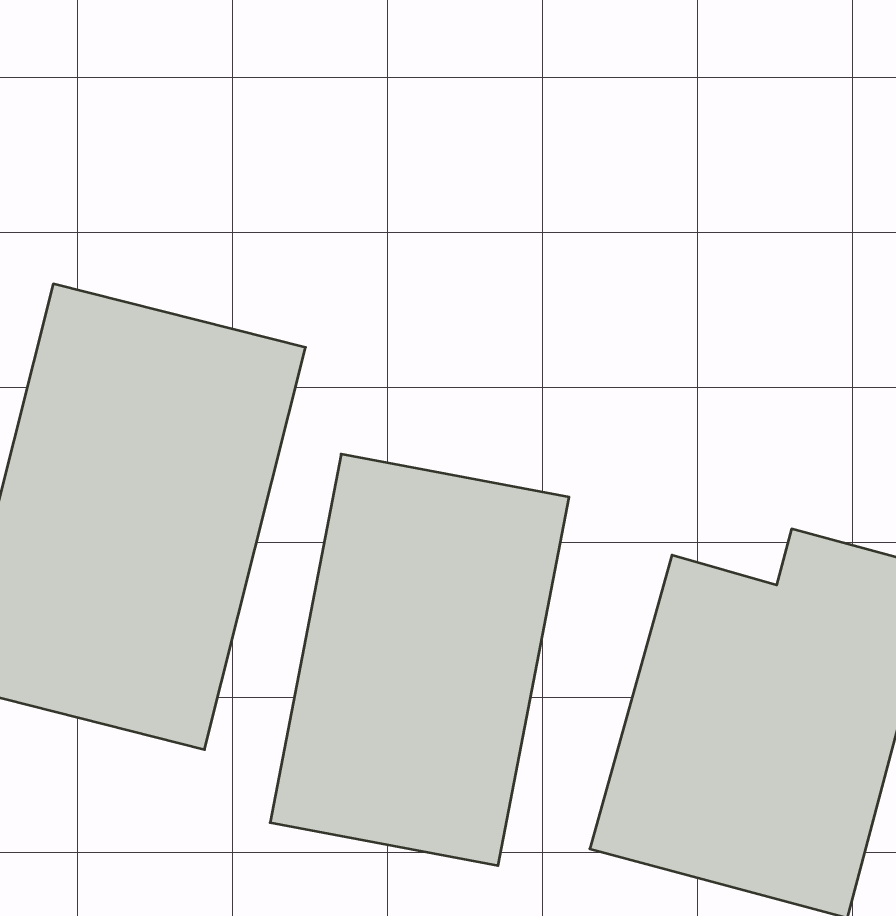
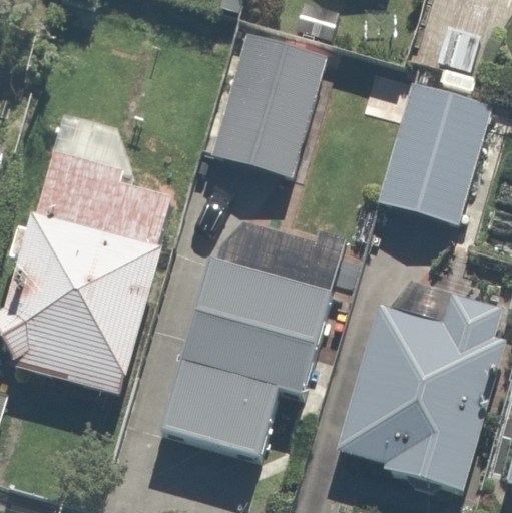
building: none -> [194,30,321,178]
building: none -> [378,83,494,231]

